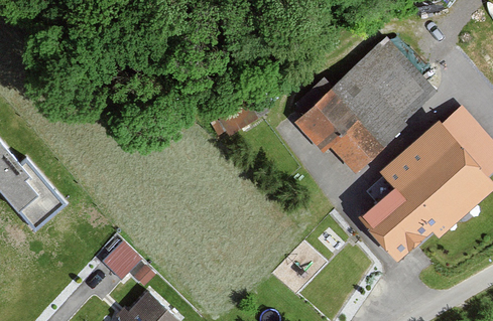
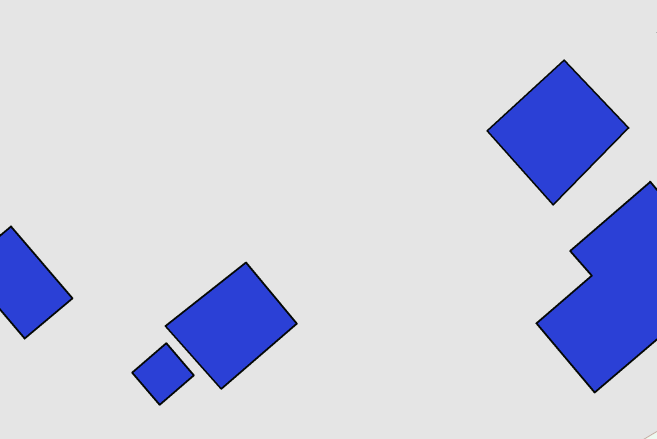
building: [304,93,379,168] -> none
building: none -> [166,263,297,389]

